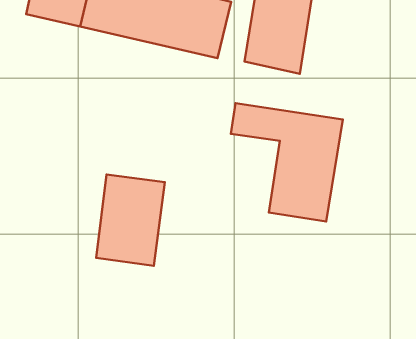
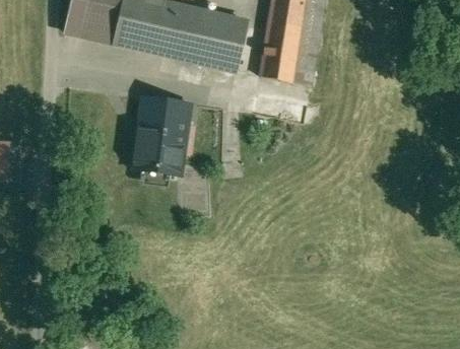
building: [231,103,343,221] -> none
building: [96,174,165,266] -> [130,95,192,178]

